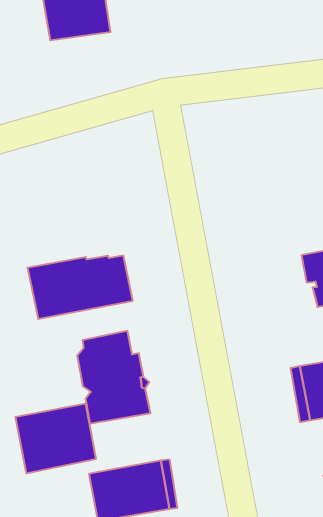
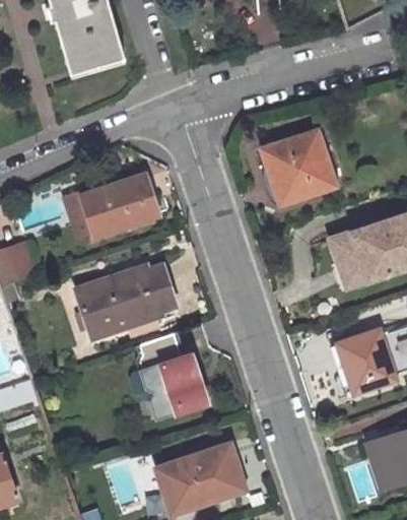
building: none -> [265,132,335,201]
building: none -> [73,178,147,237]
building: [16,403,96,473] -> none

